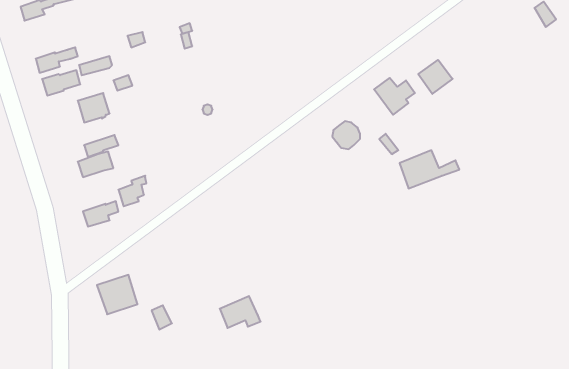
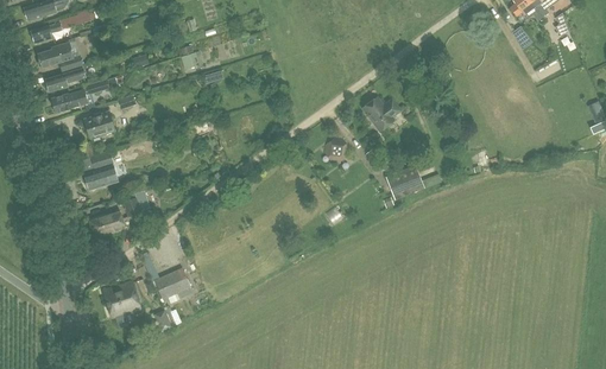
building: none -> [38,40,80,70]
building: [418,60,453,94] -> none
building: [220,296,261,328] -> [154,268,192,298]

